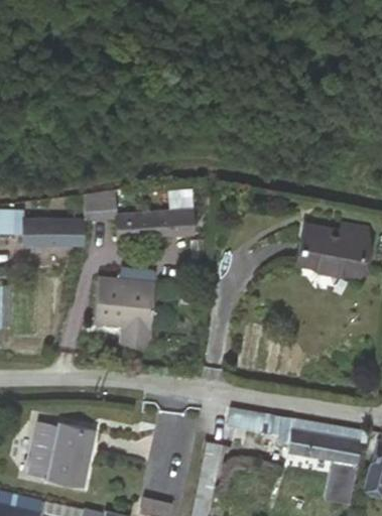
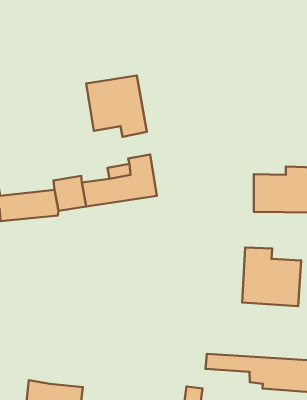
building: none -> [86,75,147,137]
building: [95,278,156,347] -> none
building: none -> [242,248,301,306]

